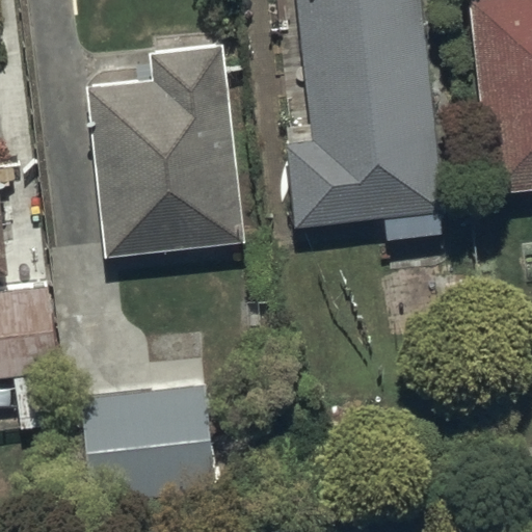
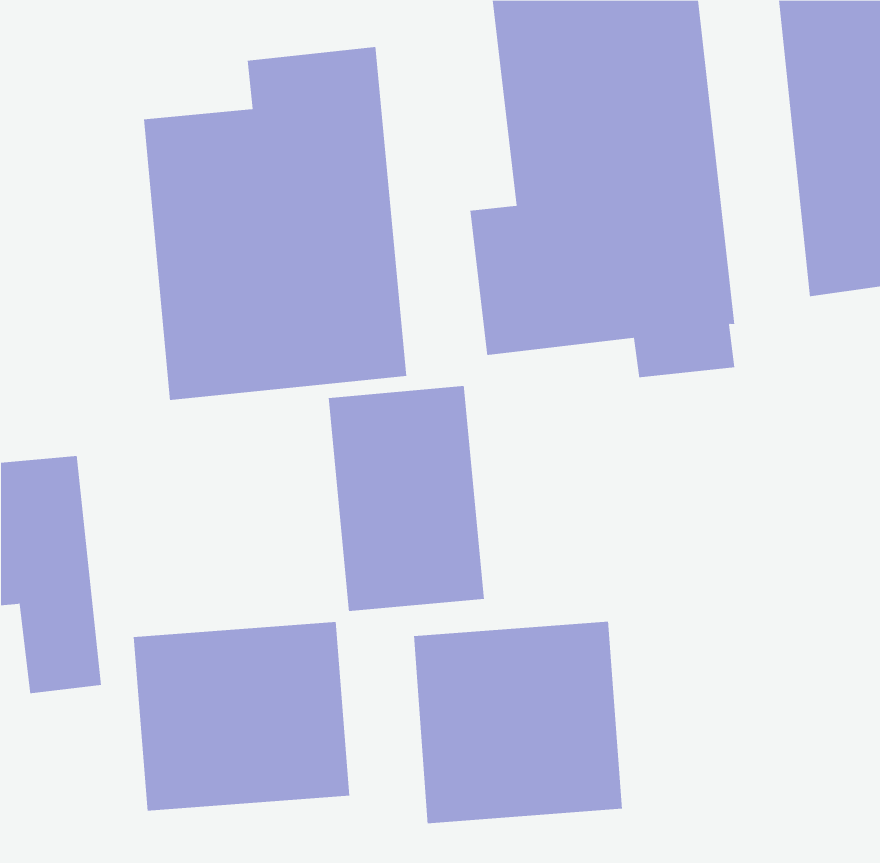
building: none -> [328,385,484,612]
building: none -> [413,621,622,824]

